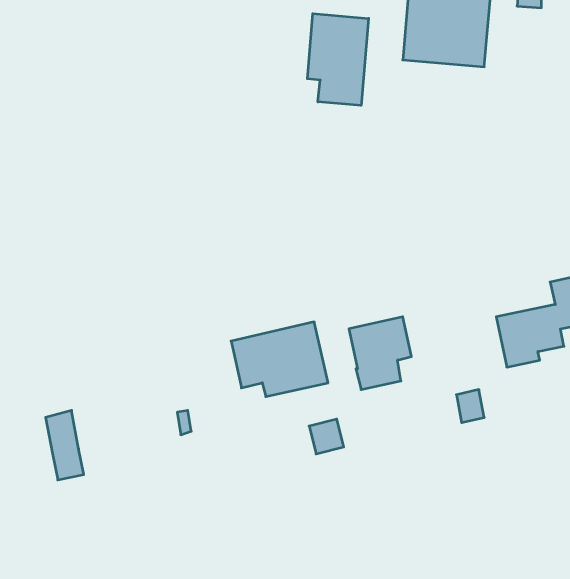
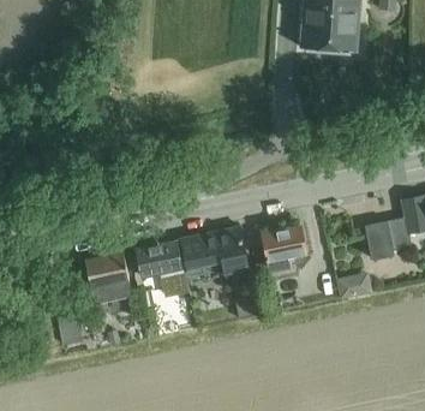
building: [307,14,369,105] -> none
building: none -> [132,240,186,288]
building: none -> [85,252,134,314]

